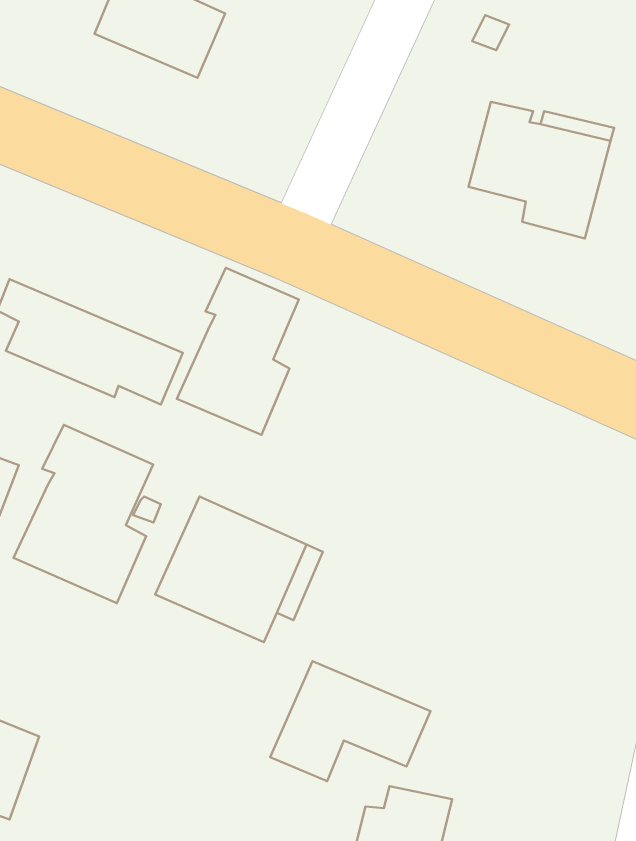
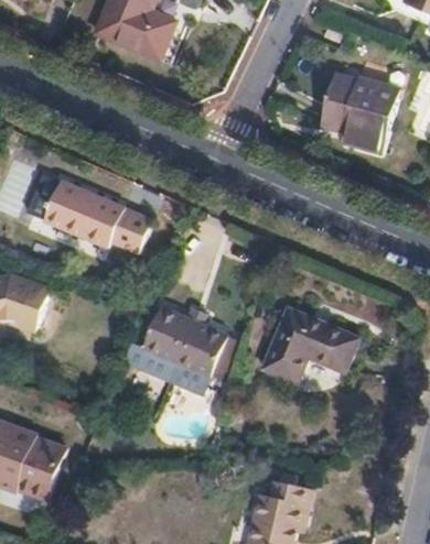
building: [177,268,299,435] -> none
building: [14,425,153,603] -> none
building: [270,661,431,781] -> [264,307,359,379]

